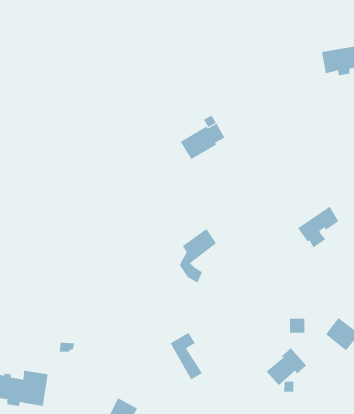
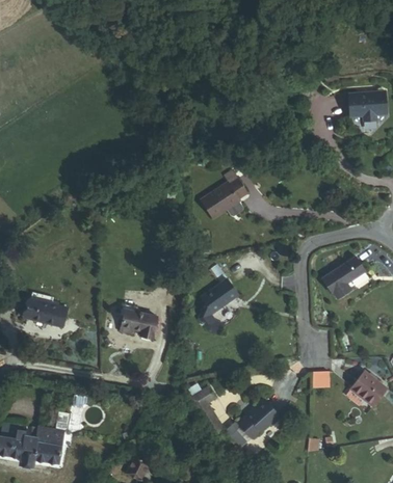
building: none -> [25,299,67,327]
building: none -> [119,310,157,338]
building: [266,348,307,386] -> [238,399,281,438]

